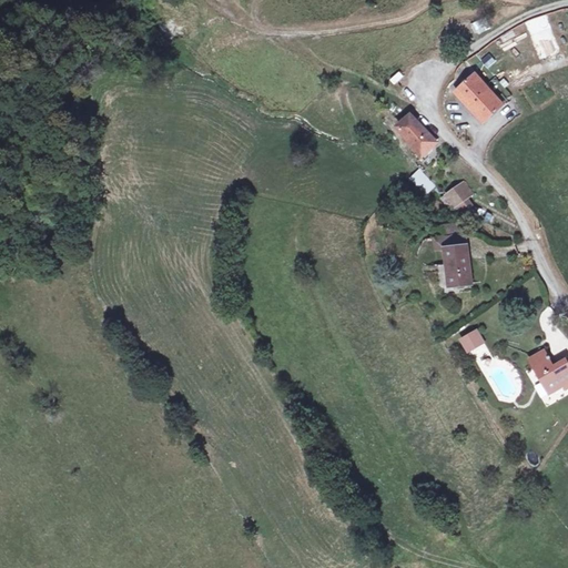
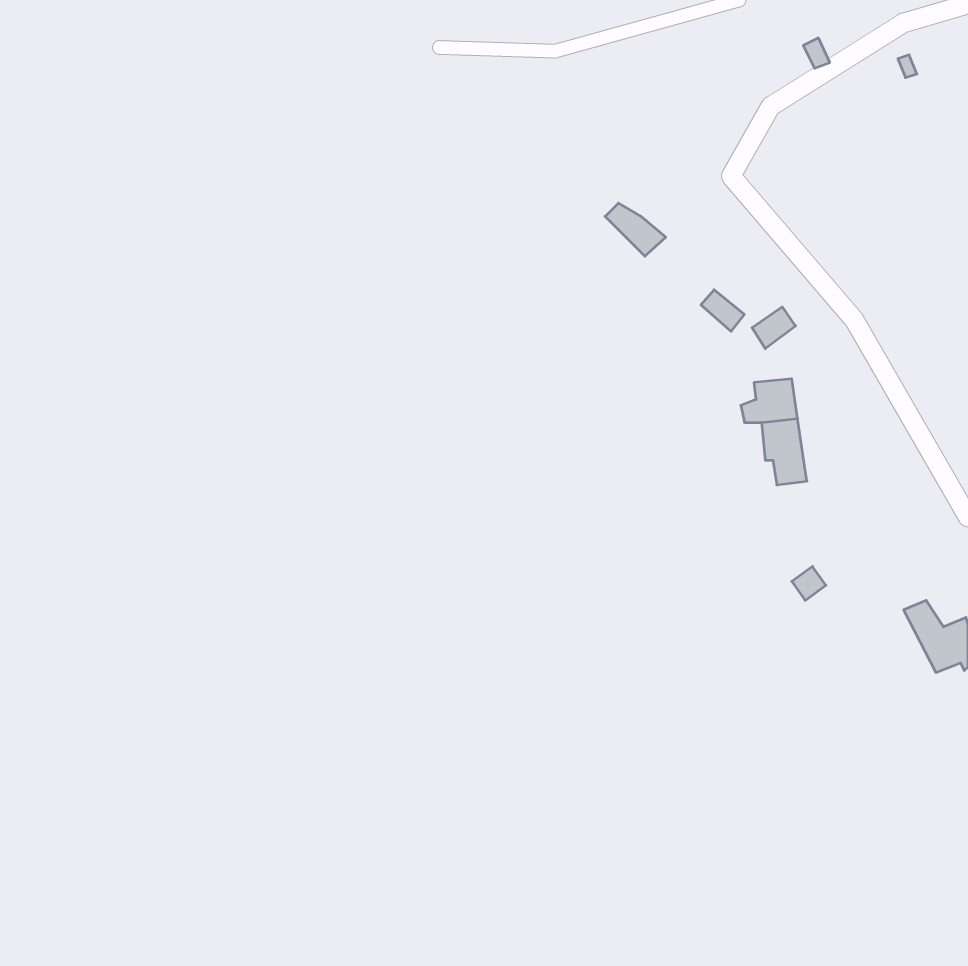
building: [458,75,499,120] -> none
building: [399,121,435,152] -> [605,203,666,256]

